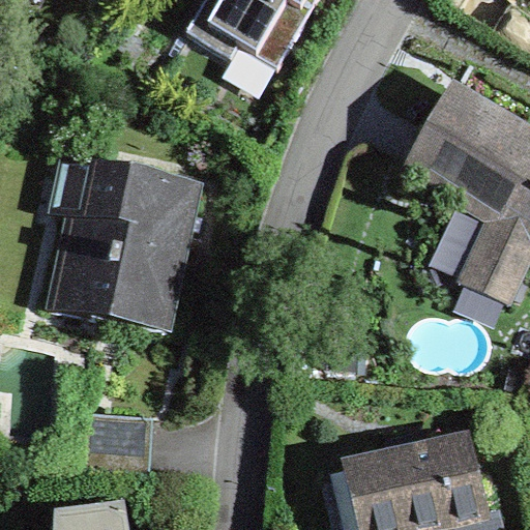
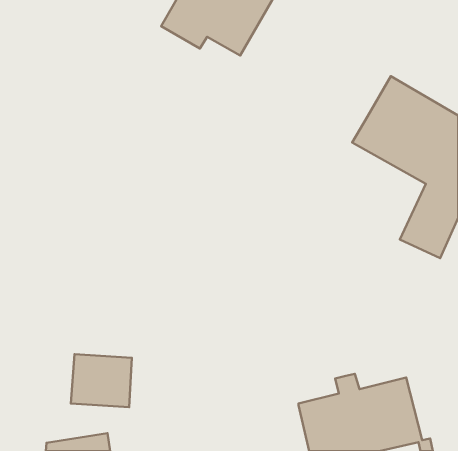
building: [52,160,197,329] -> none

